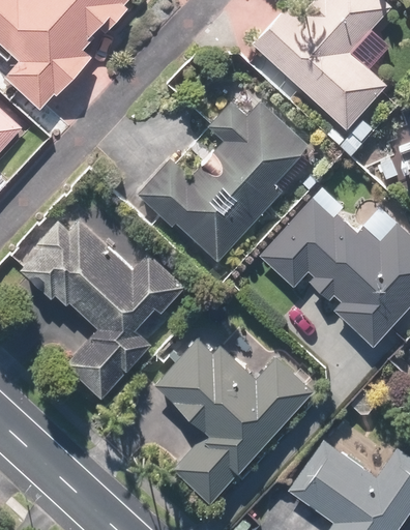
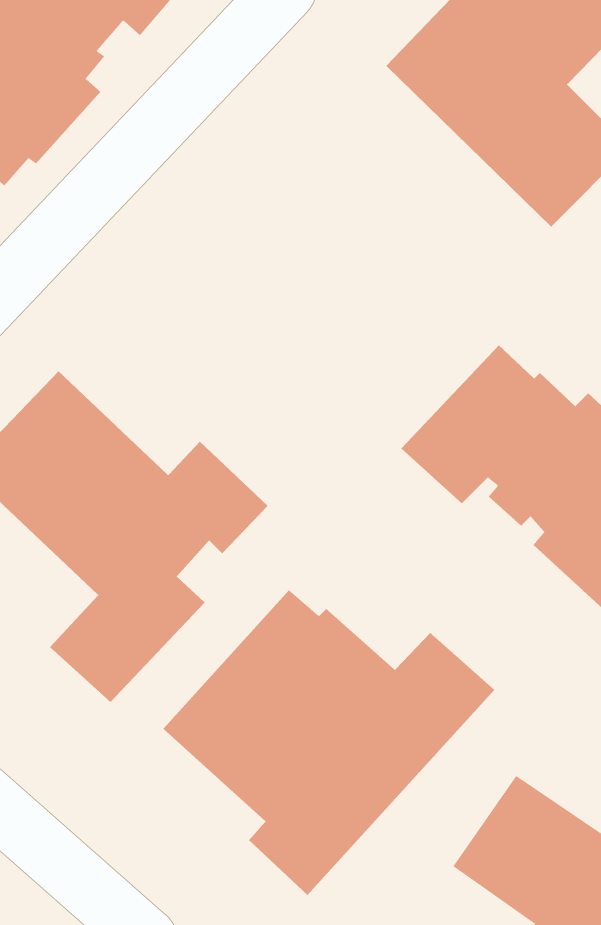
building: [140,100,309,265] -> none

